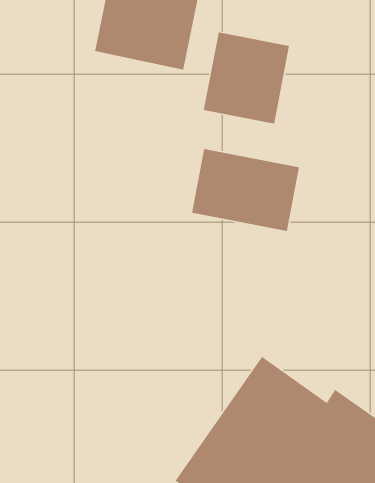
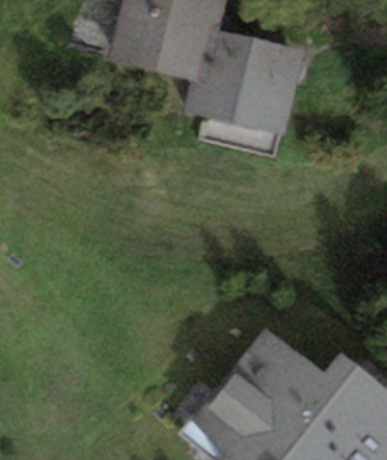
building: [191,148,300,232] -> none

